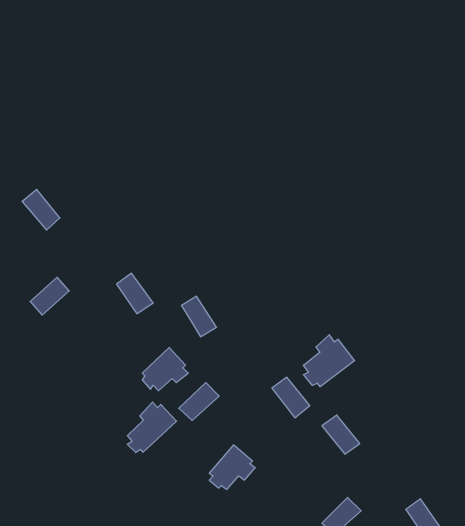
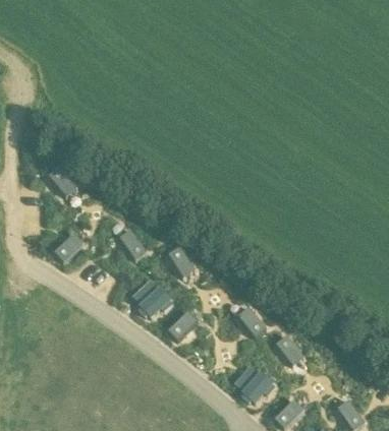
building: [303,335,355,387] -> none
building: [127,402,177,453] -> none
building: [209,445,255,489] -> [240,369,275,403]

